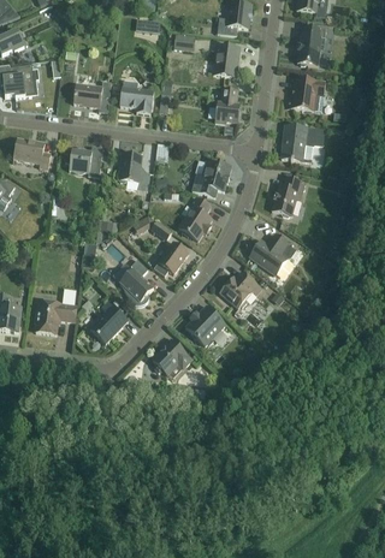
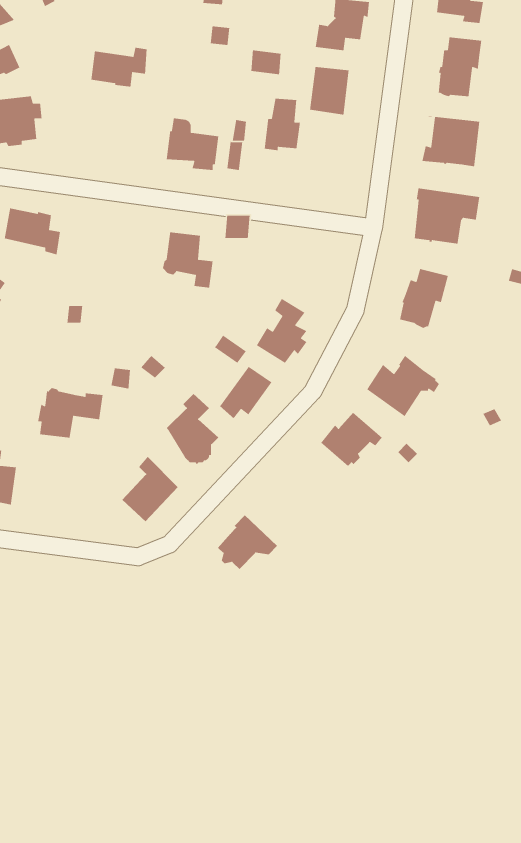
building: [73,81,111,107] -> [91,47,148,87]
building: [215,88,239,123] -> [264,98,301,151]
building: [65,146,102,177] -> none
building: [192,160,231,196] -> none
building: [34,299,77,333] -> [37,387,103,439]
building: [185,304,226,345] -> none

